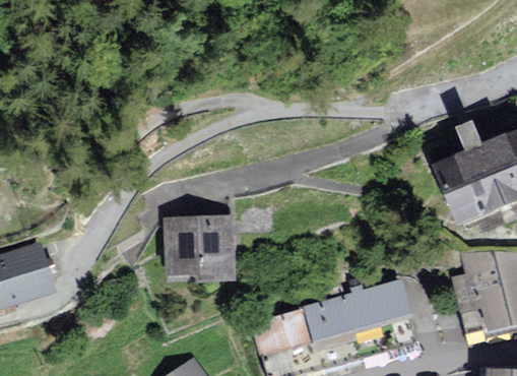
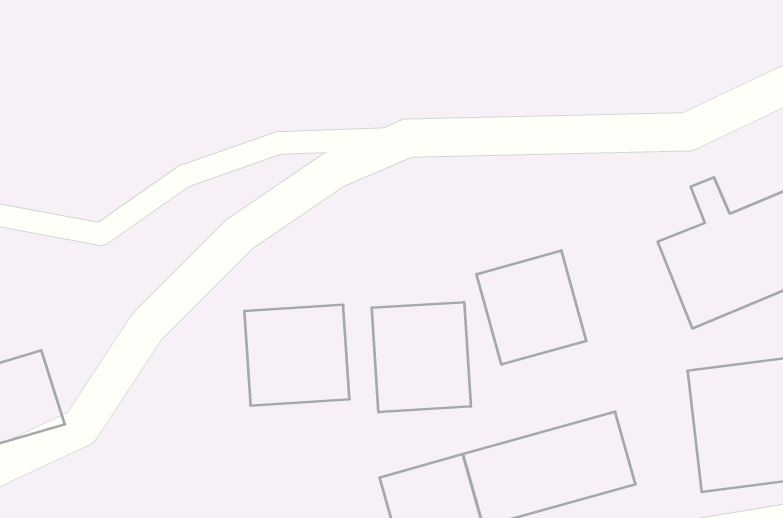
building: none -> [477,250,586,365]
building: none -> [372,302,471,412]

